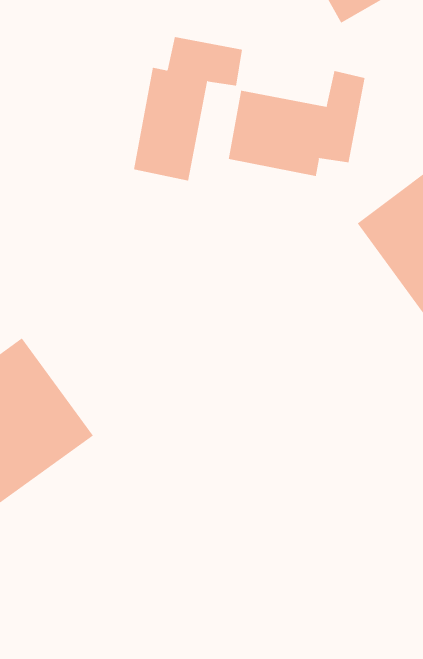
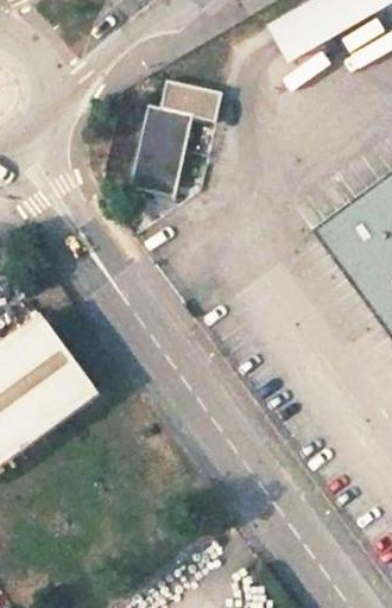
building: [228,70,365,177] -> none

